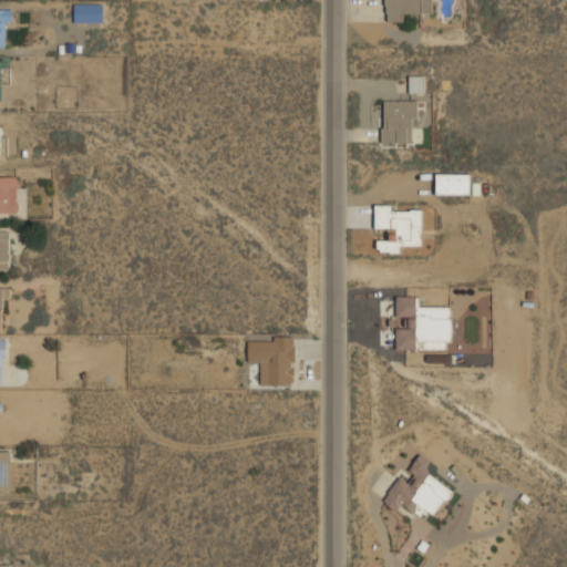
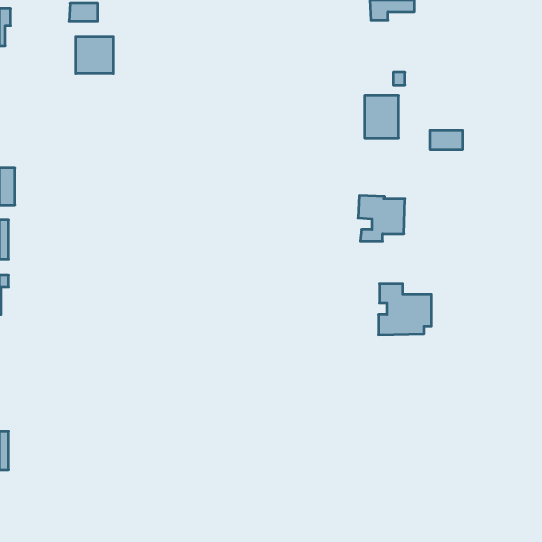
building: none -> [76,37,113,74]
building: [435,174,470,194] -> [430,130,463,149]
building: [246,338,295,385] -> none
building: [381,456,450,516] -> none

